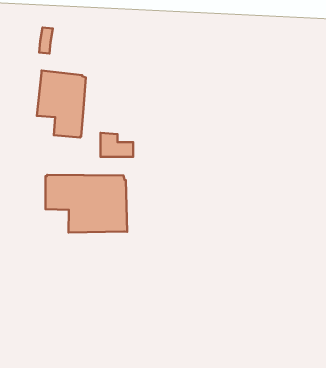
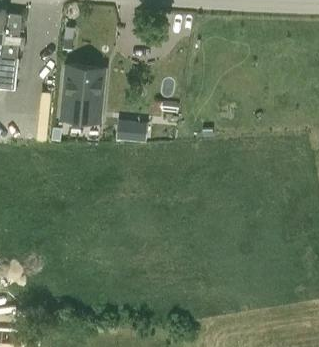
building: [45,175,127,233] -> none

